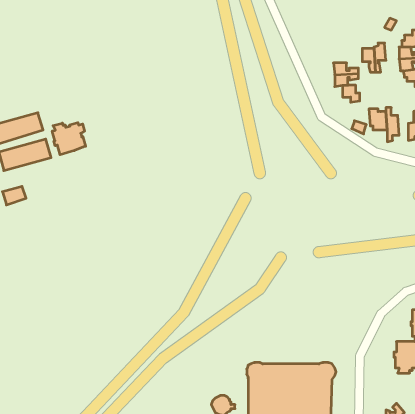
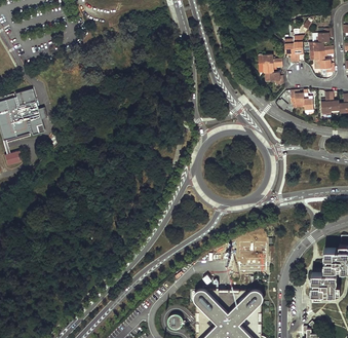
building: [52,123,86,155] -> none

